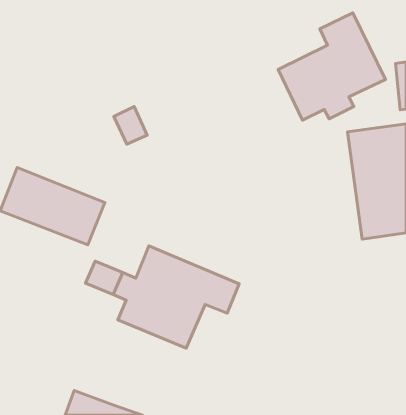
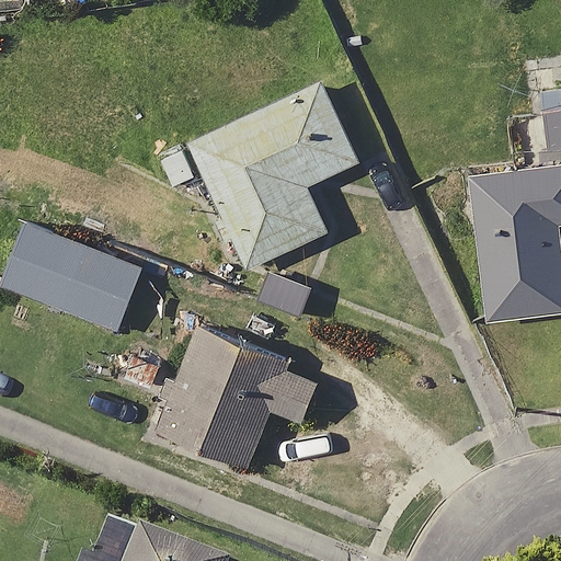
building: [278,13,385,120] -> none
building: none -> [184,75,359,274]

